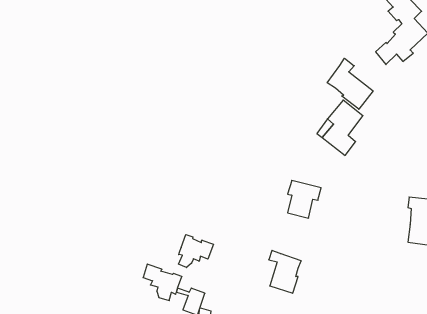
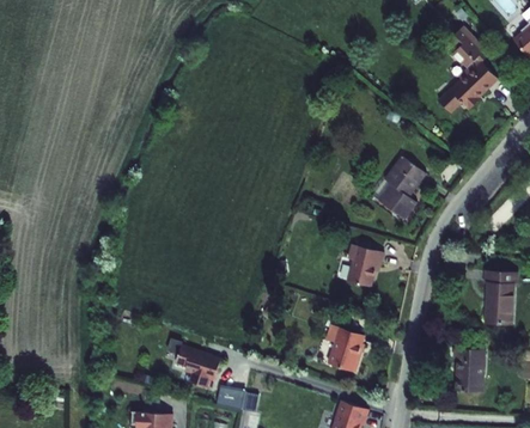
building: [327,58,373,109] -> none
building: [179,235,214,268] -> none
building: none -> [457,341,488,386]

